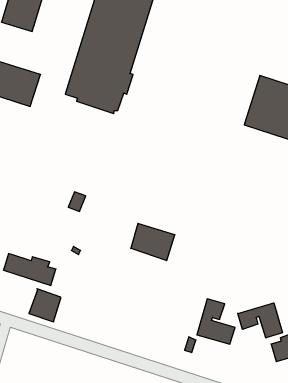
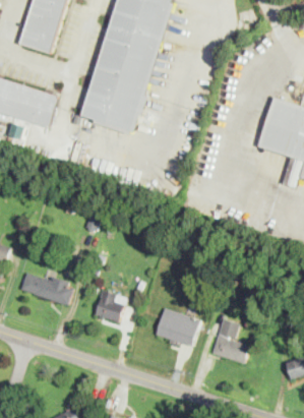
building: [131,223,175,261] -> [156,309,199,346]
building: [29,289,61,322] -> [94,290,125,322]
building: [238,303,282,338] -> none

